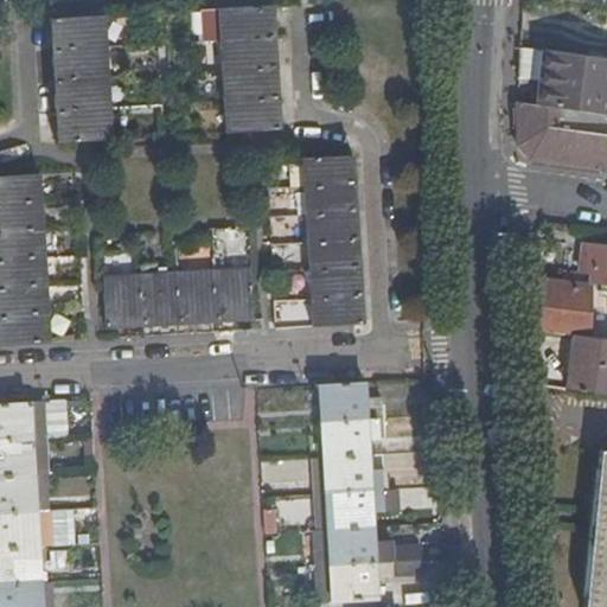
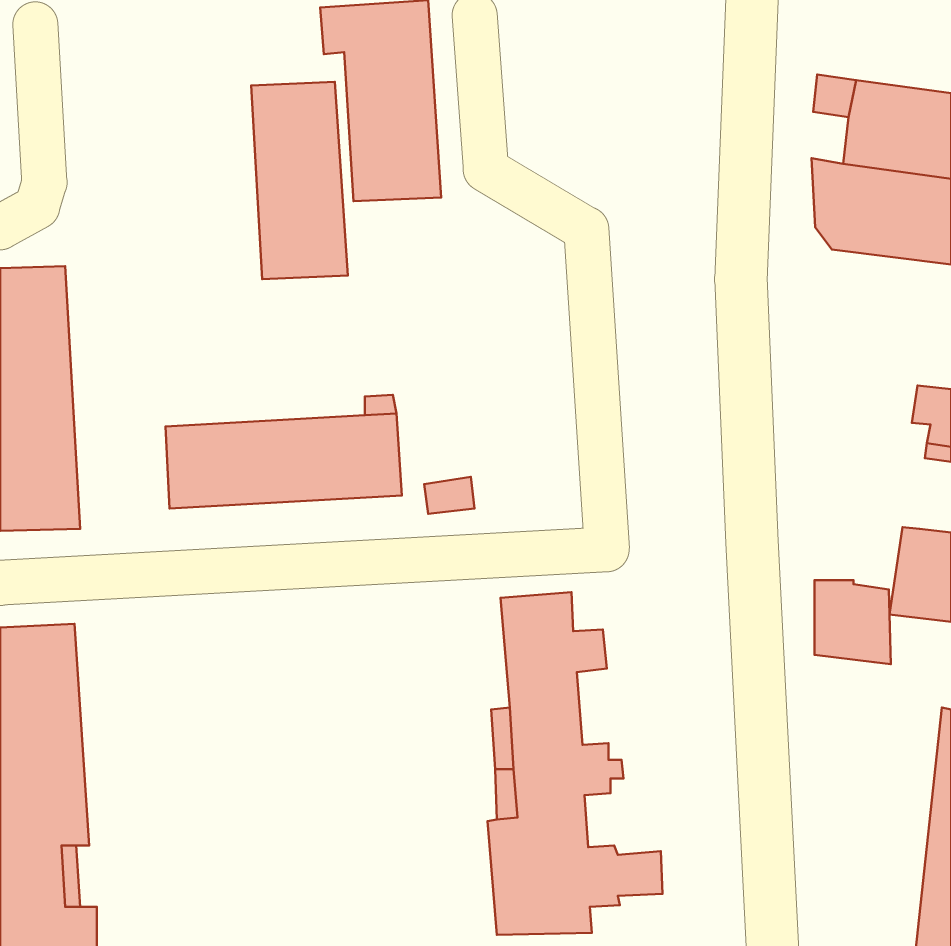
building: [50,14,111,140] -> [251,82,348,279]
building: [302,155,365,325] -> none
building: [537,287,586,340] -> [815,580,891,664]

